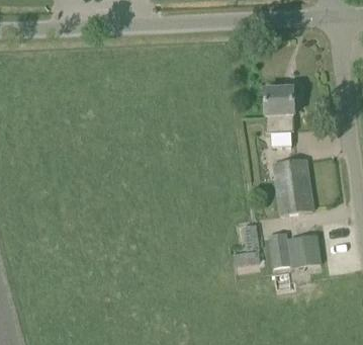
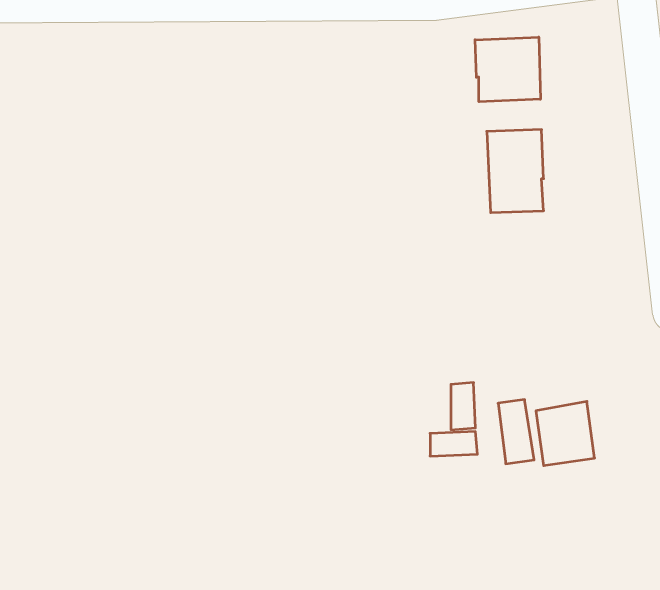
building: none -> [475,37,540,102]
building: [273,157,312,213] -> none

